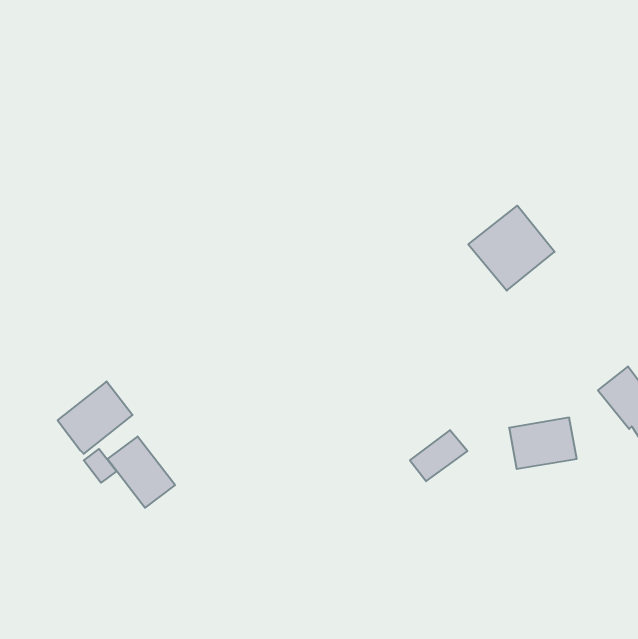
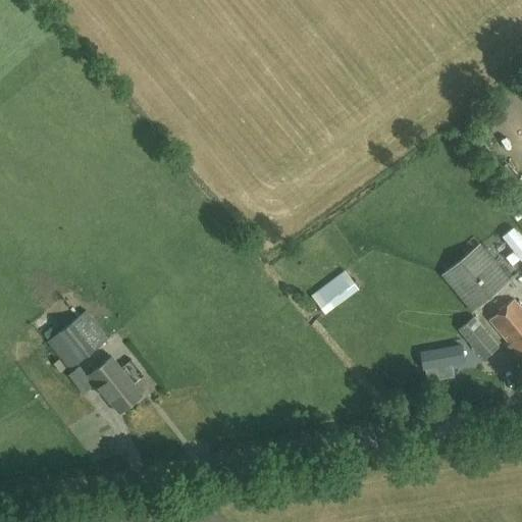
building: [468,206,555,291] -> [441,244,512,313]
building: none -> [459,317,499,359]
building: [410,430,467,481] -> [312,272,359,314]

